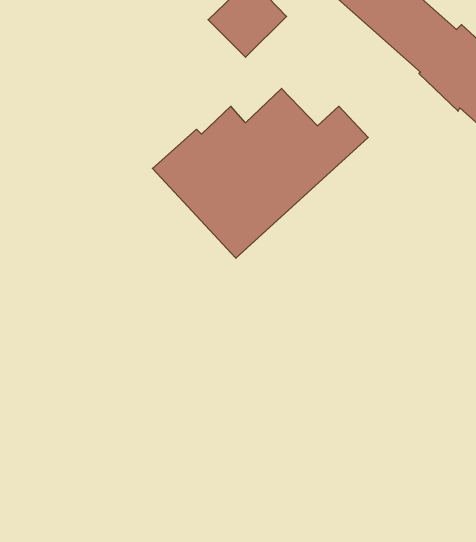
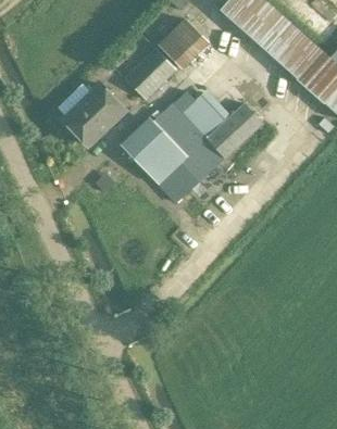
building: none -> [124,47,176,99]
building: none -> [61,83,125,147]

